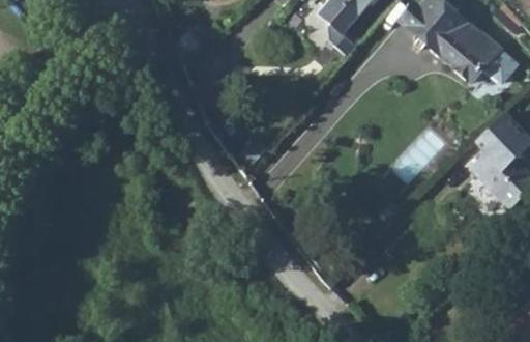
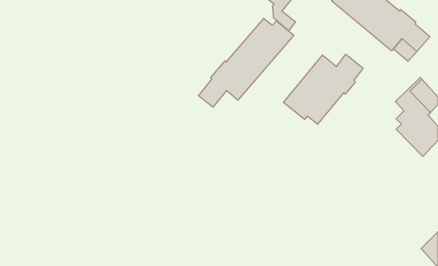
building: none -> [198,18,294,107]
building: none -> [283,54,363,124]

